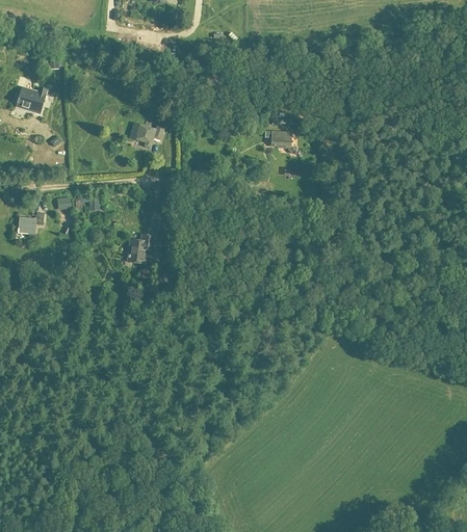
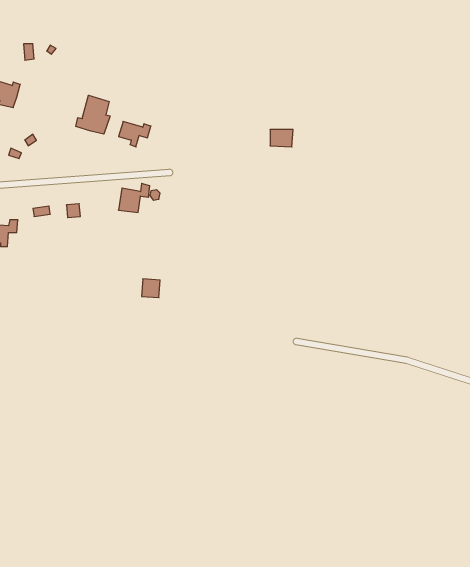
building: none -> [76,95,110,134]
building: [126,235,154,261] -> [118,183,150,212]

